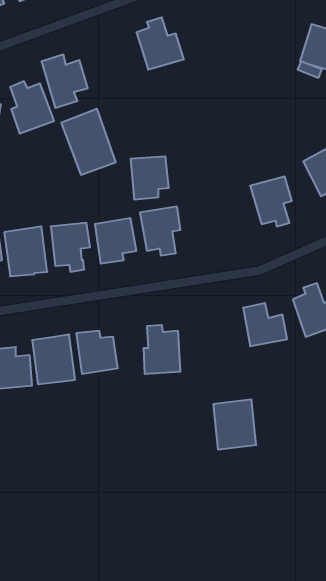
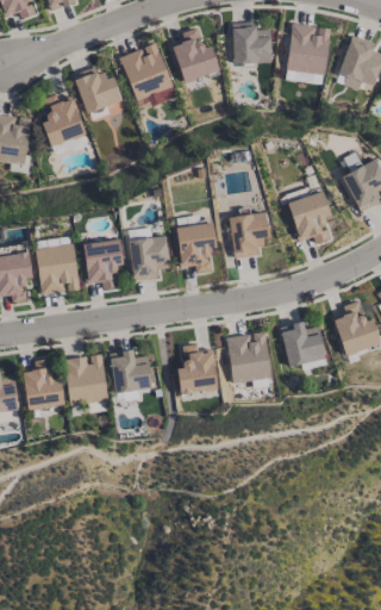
building: none -> [233,23,271,64]
building: none -> [287,24,330,74]
building: [61,109,116,175] -> [120,43,176,111]
building: [131,156,169,199] -> [230,213,269,257]
building: [213,400,256,450] -> [227,332,271,384]

